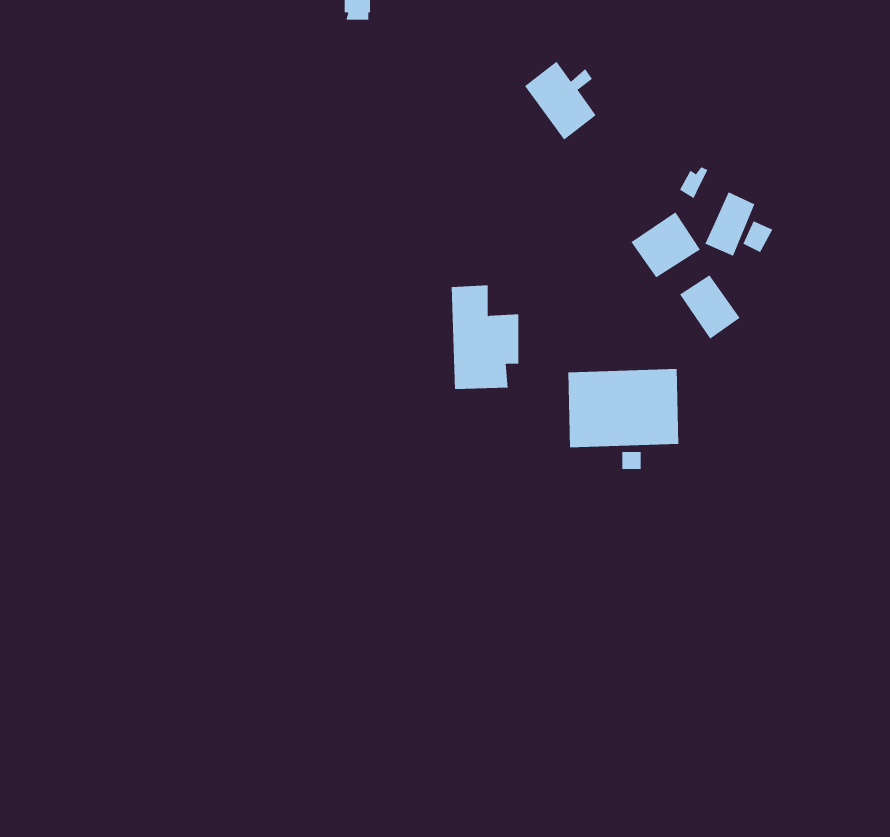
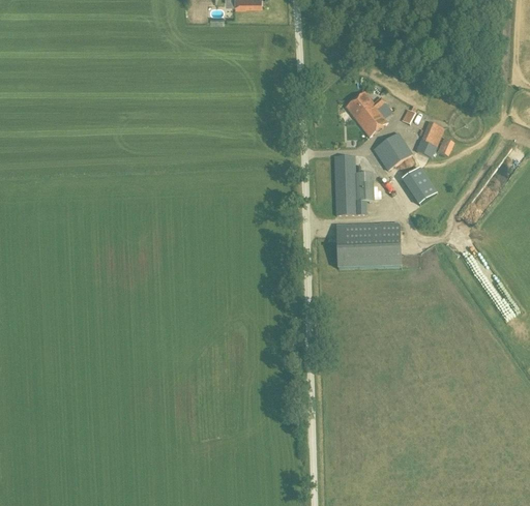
building: [524,61,596,140] -> [346,91,387,137]
building: [451,285,519,390] -> [333,154,373,214]

